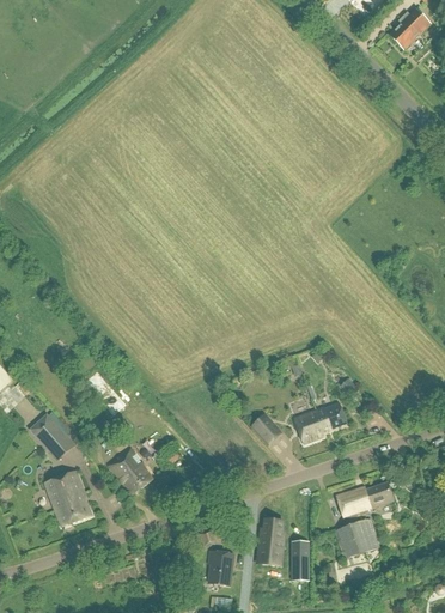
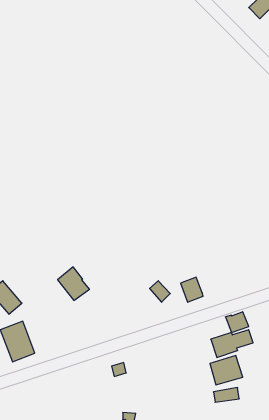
building: [316,401,348,430] -> [225,312,249,332]
building: [109,447,153,493] -> [58,267,89,300]
building: [257,517,285,560] -> none
building: [292,541,309,579] -> none
building: [209,550,234,584] -> none

